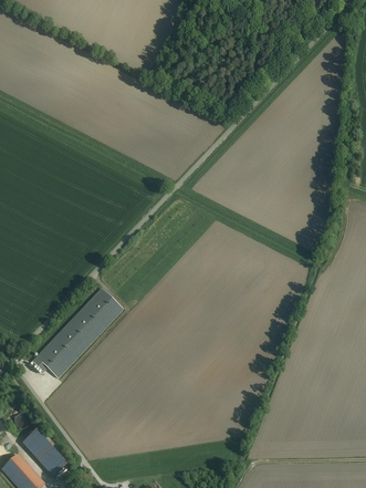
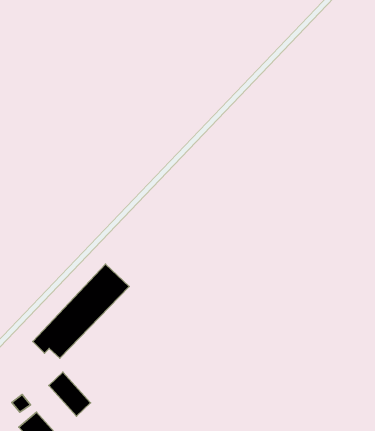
building: none -> [49,372,90,416]

